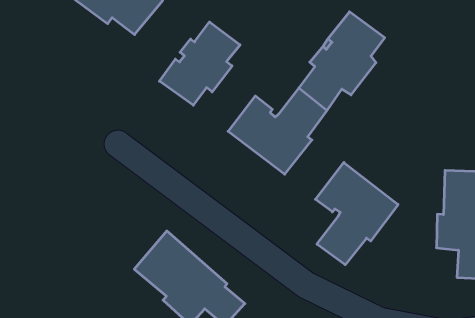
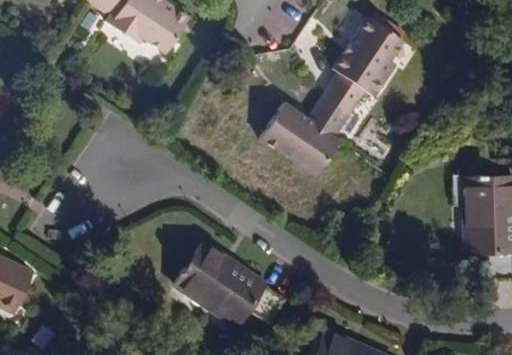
building: [159,22,240,105] -> none
building: [315,162,398,265] -> none

